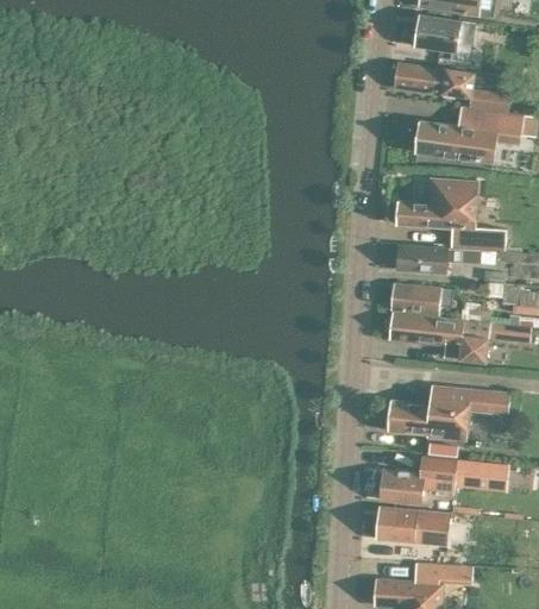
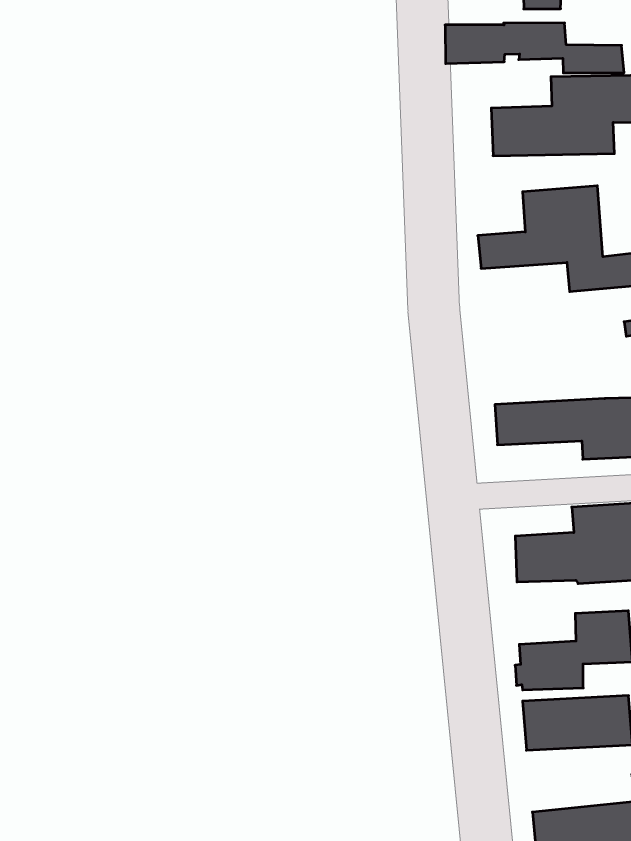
building: [395,245,480,274] -> none
building: [391,283,451,315] -> none

